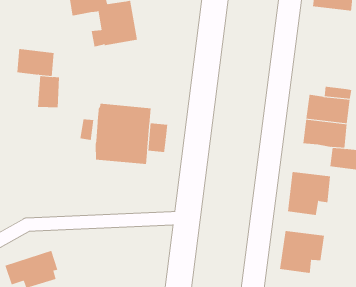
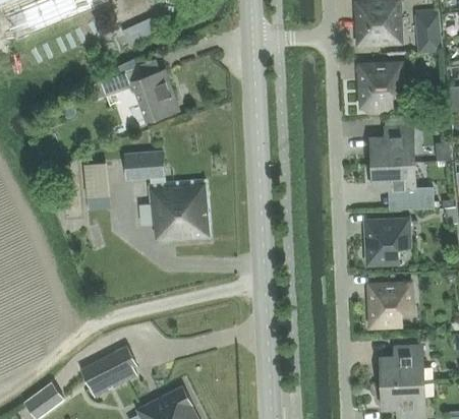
building: none -> [358,63,402,116]
building: [16,49,55,77] -> [125,151,166,178]
building: [148,123,168,153] -> none

